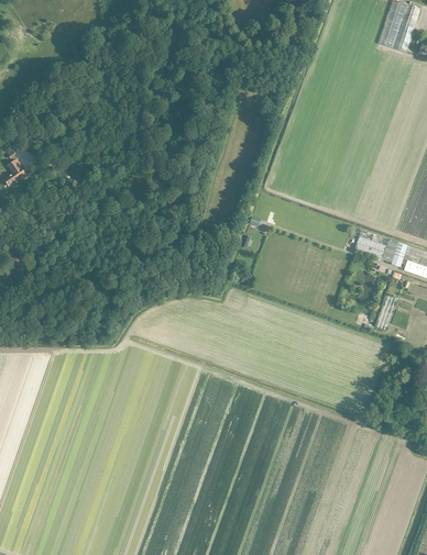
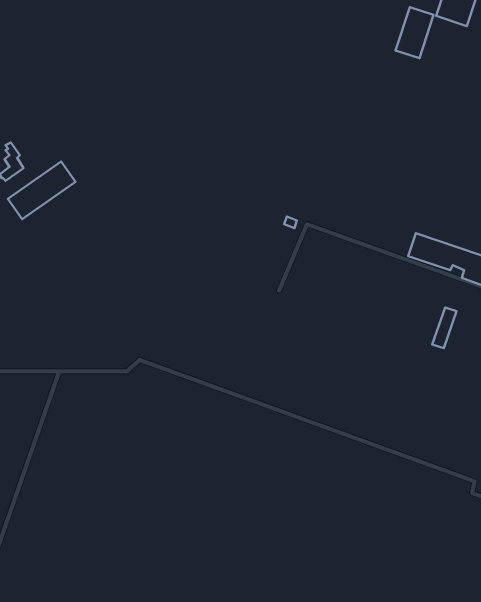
building: none -> [396,7,433,58]
building: none -> [8,162,76,219]

